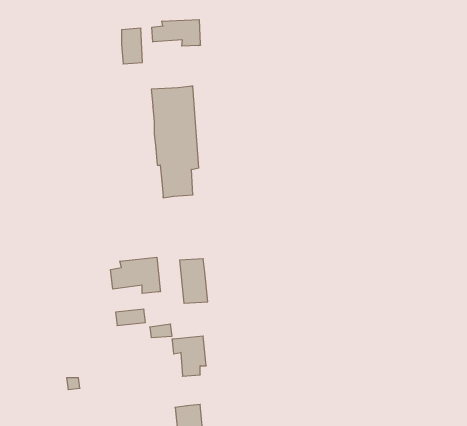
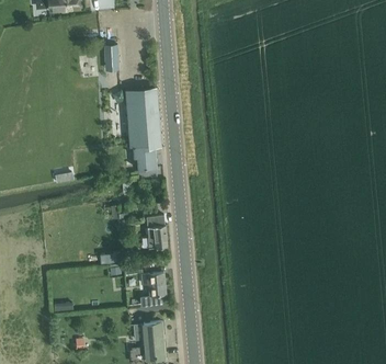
building: [152,20,200,46] -> none
building: [111,257,160,293] -> none

